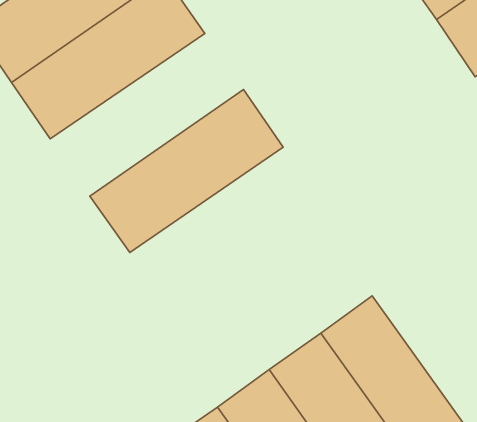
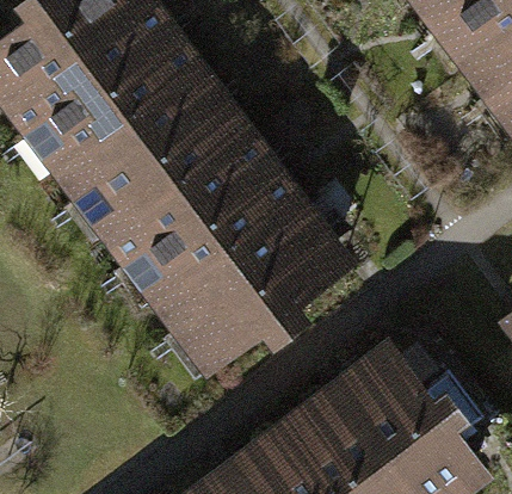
building: none -> [64,81,261,247]
building: none -> [146,197,341,363]

